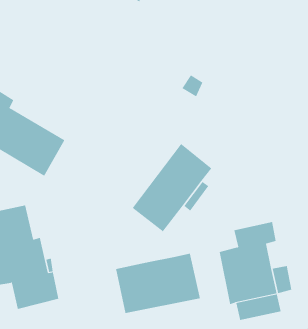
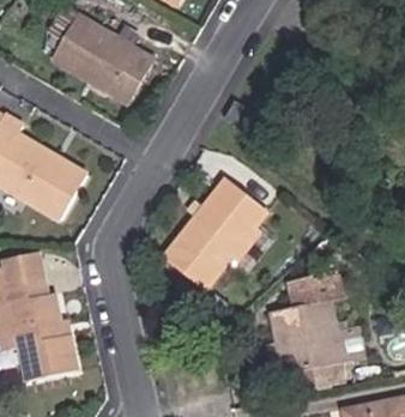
building: none -> [52,14,153,103]
building: [116,253,201,314] -> none

